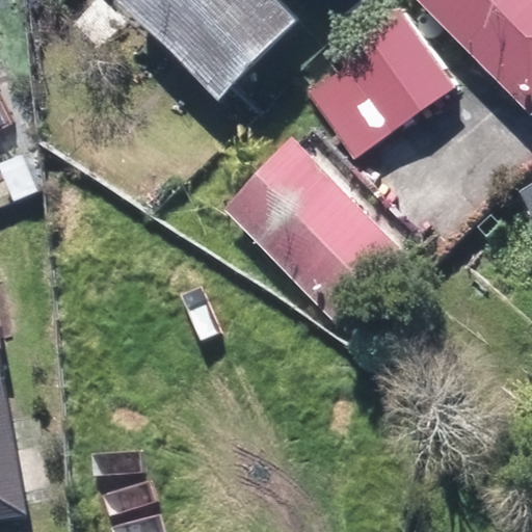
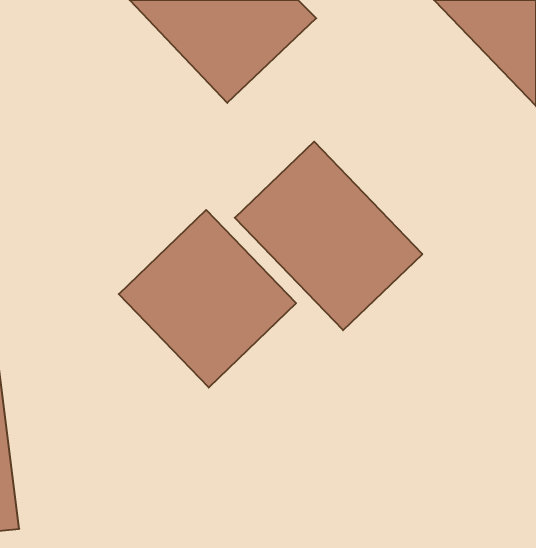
building: [302,11,452,159] -> none
building: none -> [119,210,296,388]

